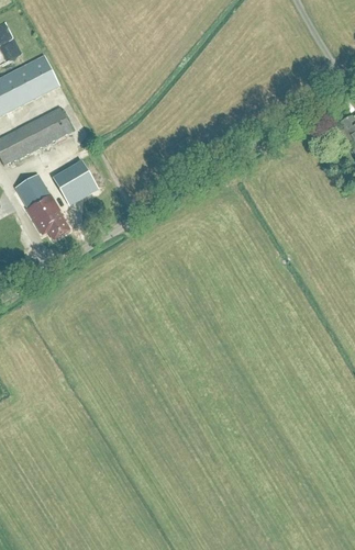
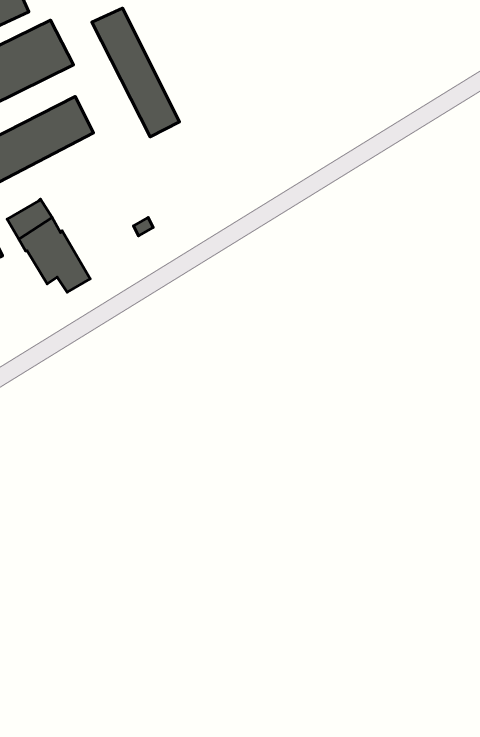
building: none -> [92,8,180,137]
building: [53,162,97,205] -> none

